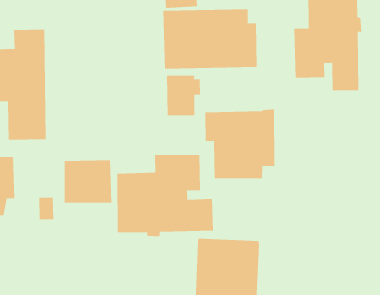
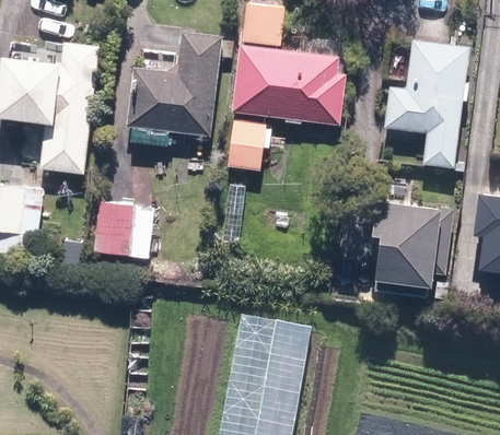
building: none -> [126,32,221,146]
building: [204,109,275,179] -> [367,201,453,287]
building: [117,154,214,237] -> none

